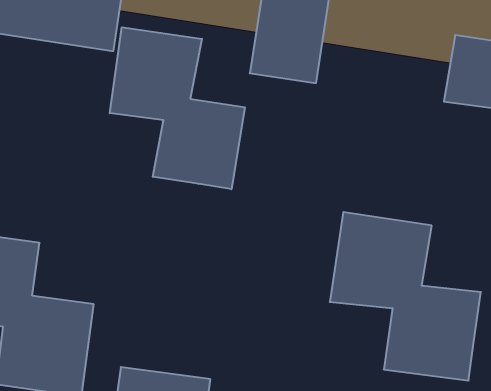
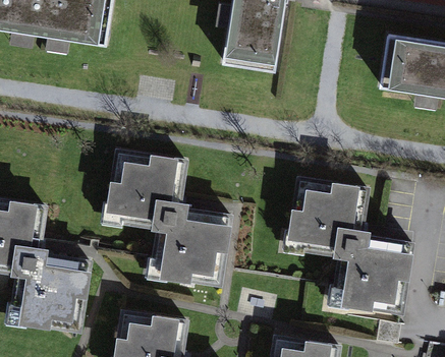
building: [110,27,245,189] -> none
building: none -> [104,150,232,286]

